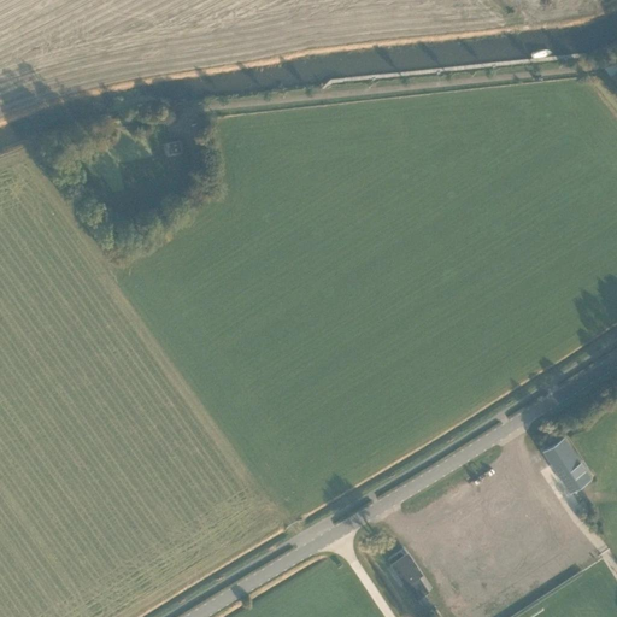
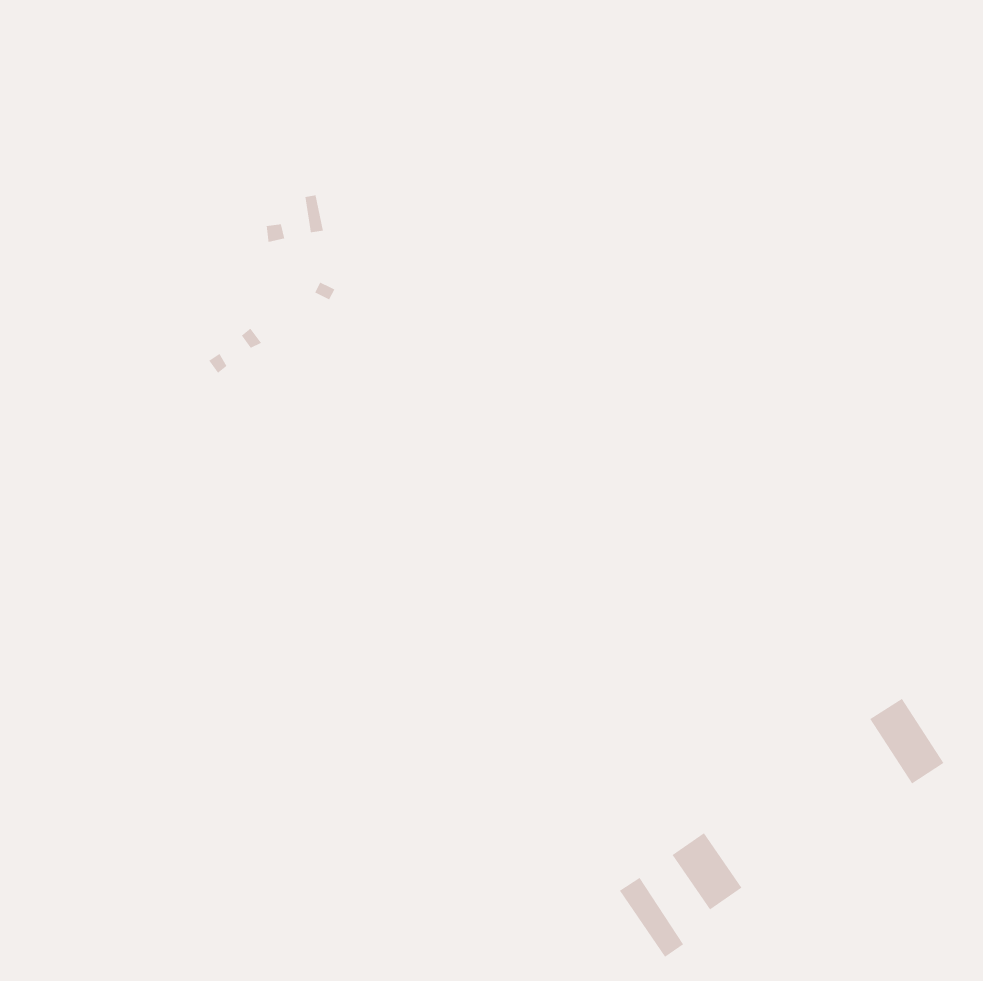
building: none -> [672,832,742,910]

